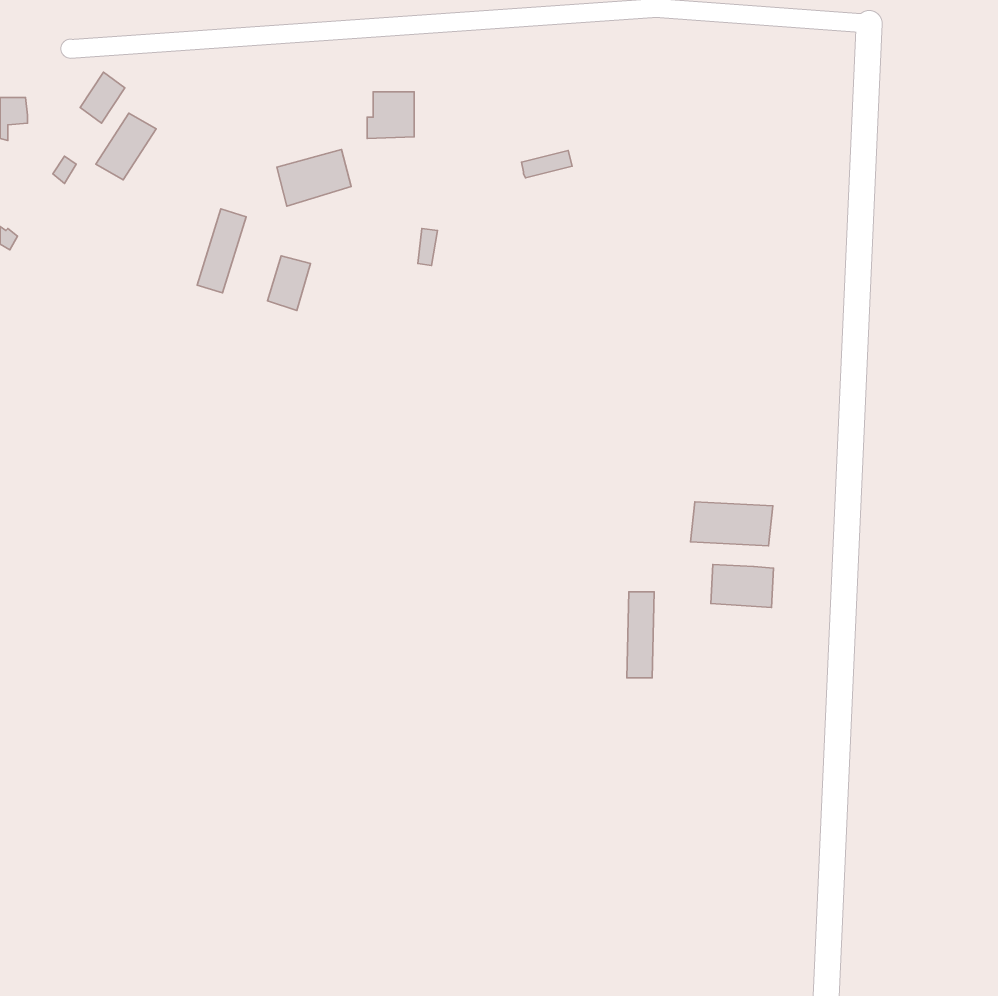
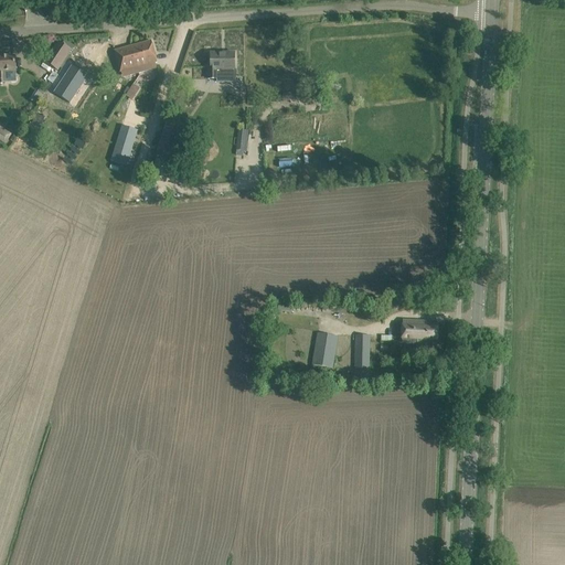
building: [277,149,351,206] -> [115,40,157,72]
building: [690,502,773,546] -> none
building: none -> [312,332,337,367]

